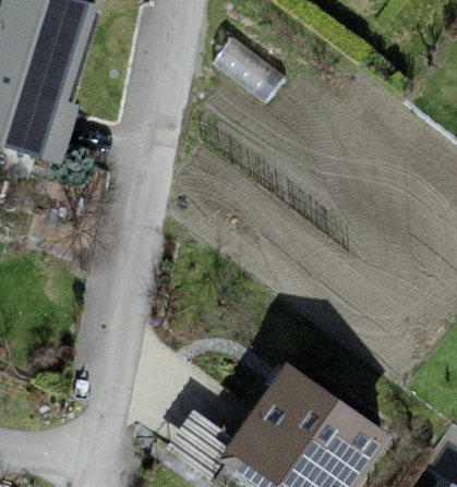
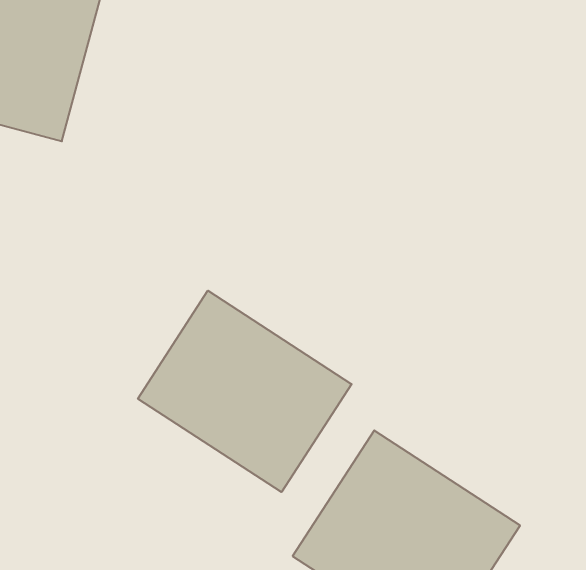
building: none -> [138,291,352,492]

